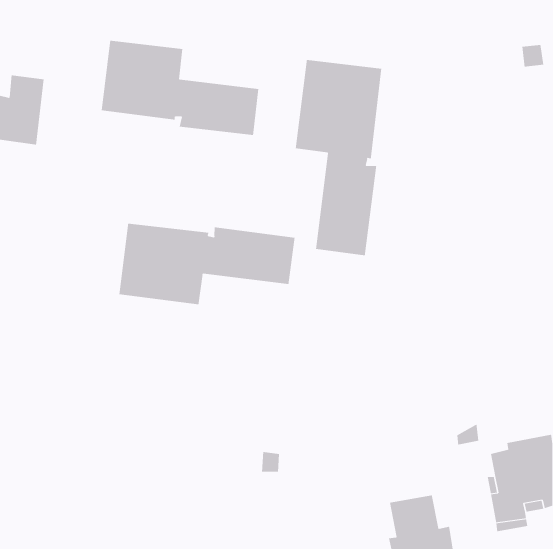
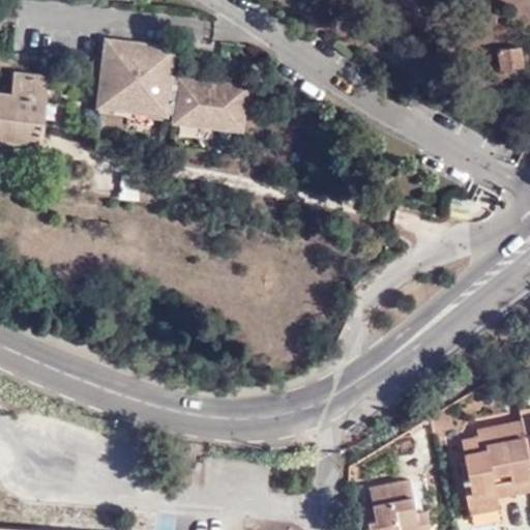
building: [295,59,382,256] -> none
building: [119,223,295,305] -> none

